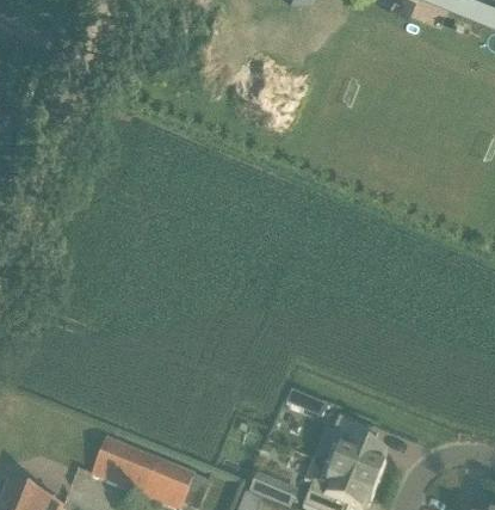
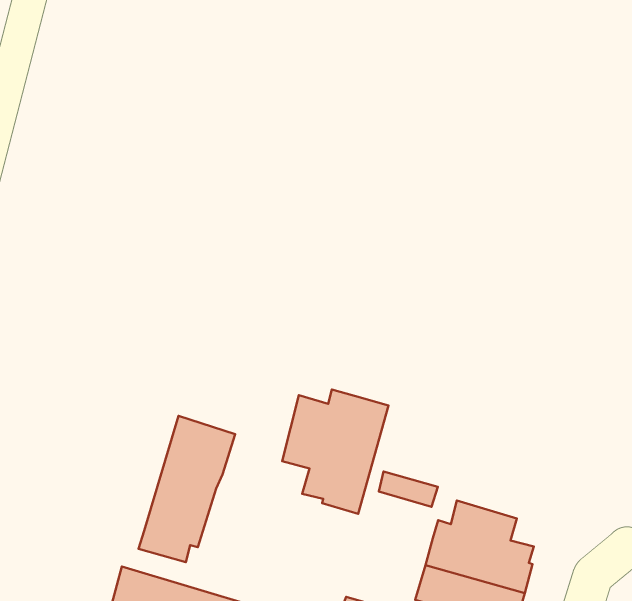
building: none -> [282,390,388,514]
building: none -> [139,416,235,562]

